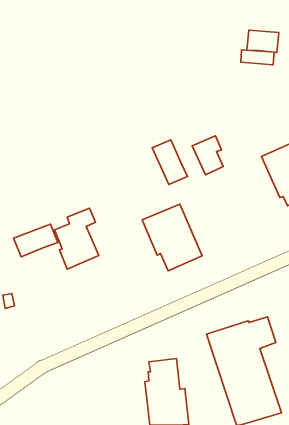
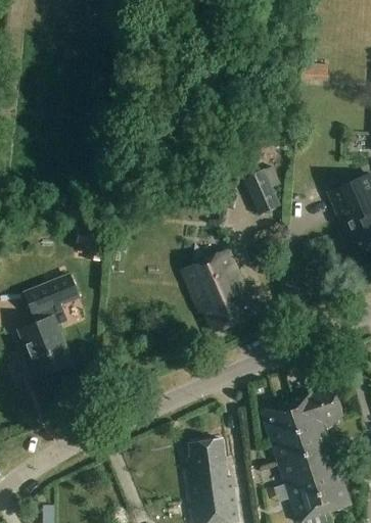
building: [247,30,279,53] -> none
building: [152,140,188,184] -> none
building: [55,208,99,269] -> [18,303,73,378]

